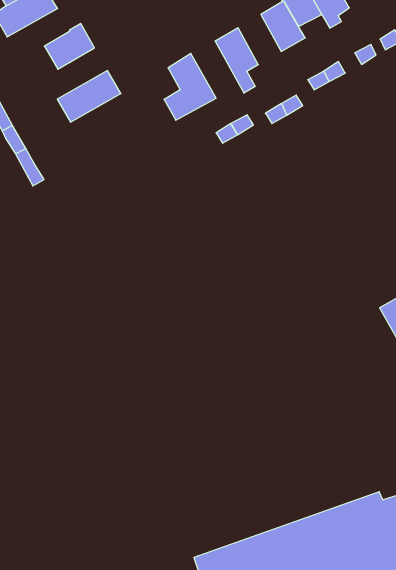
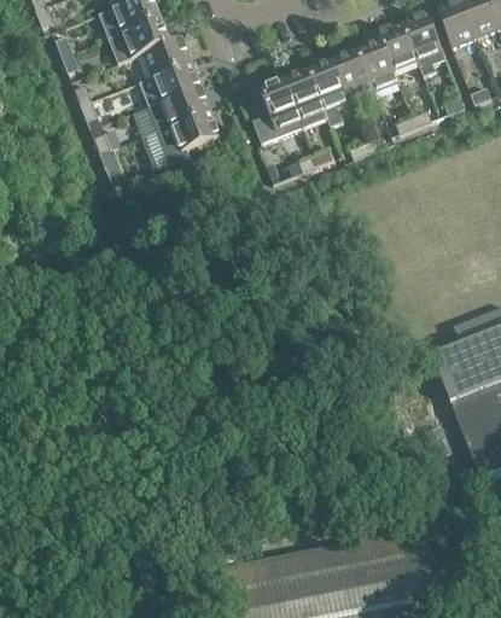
building: none -> [107,17,169,62]
building: none -> [333,52,372,100]
building: none -> [284,71,330,127]
building: none -> [139,60,200,105]
building: none -> [157,109,220,163]

